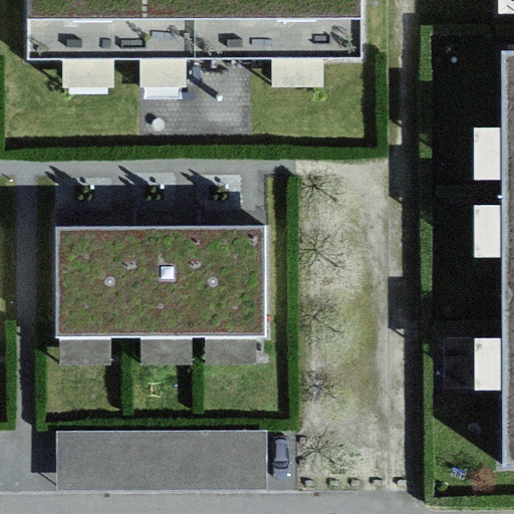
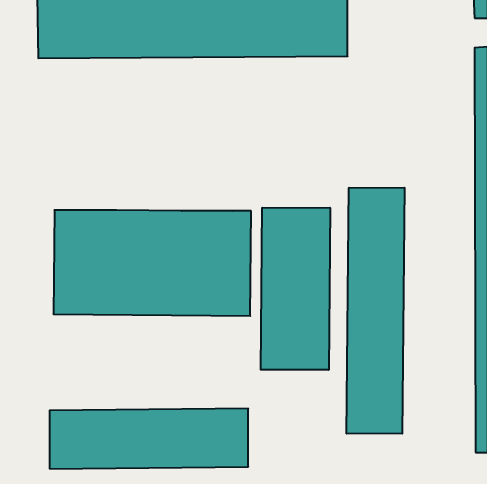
building: none -> [347,188,404,434]
building: none -> [261,208,330,370]

